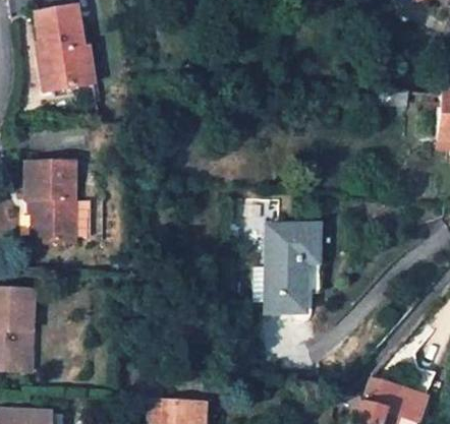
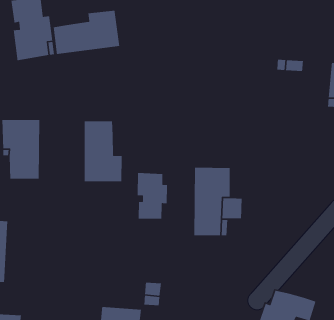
building: none -> [53,10,120,55]
building: none -> [84,121,122,182]
building: none -> [137,172,168,219]

